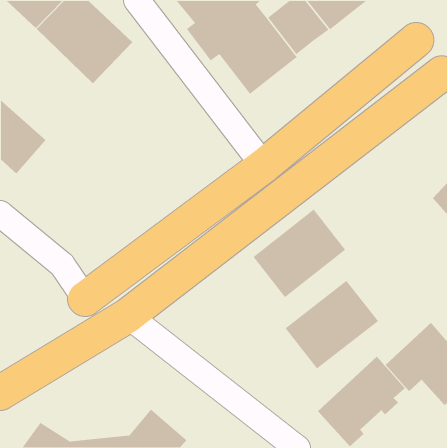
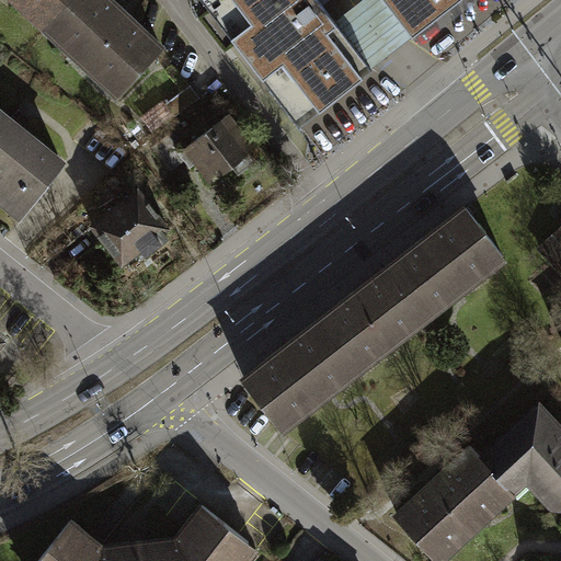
building: none -> [184,119,261,196]
building: none -> [89,197,168,276]
building: none -> [393,201,512,312]
building: [284,280,379,369] -> [239,321,357,433]

